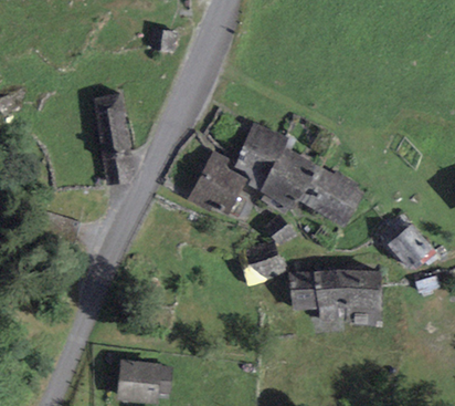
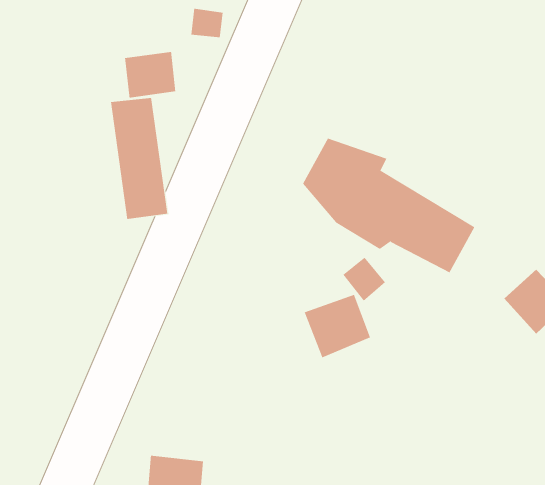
building: none -> [125,51,176,99]
building: [188,154,250,217] -> none
building: [293,270,382,310] -> none

